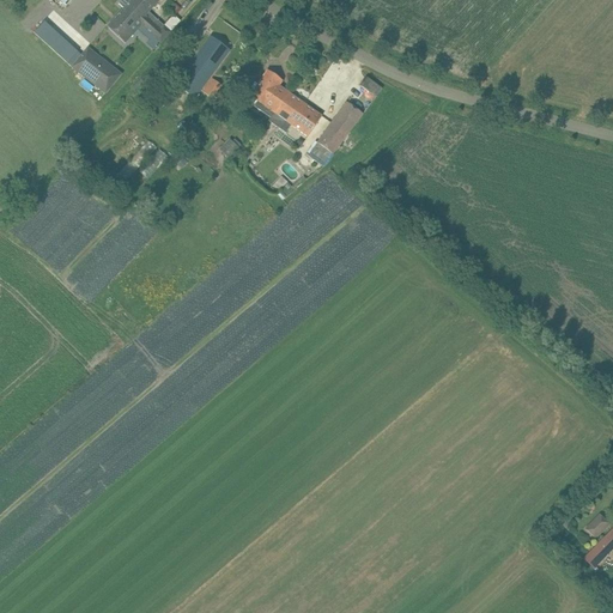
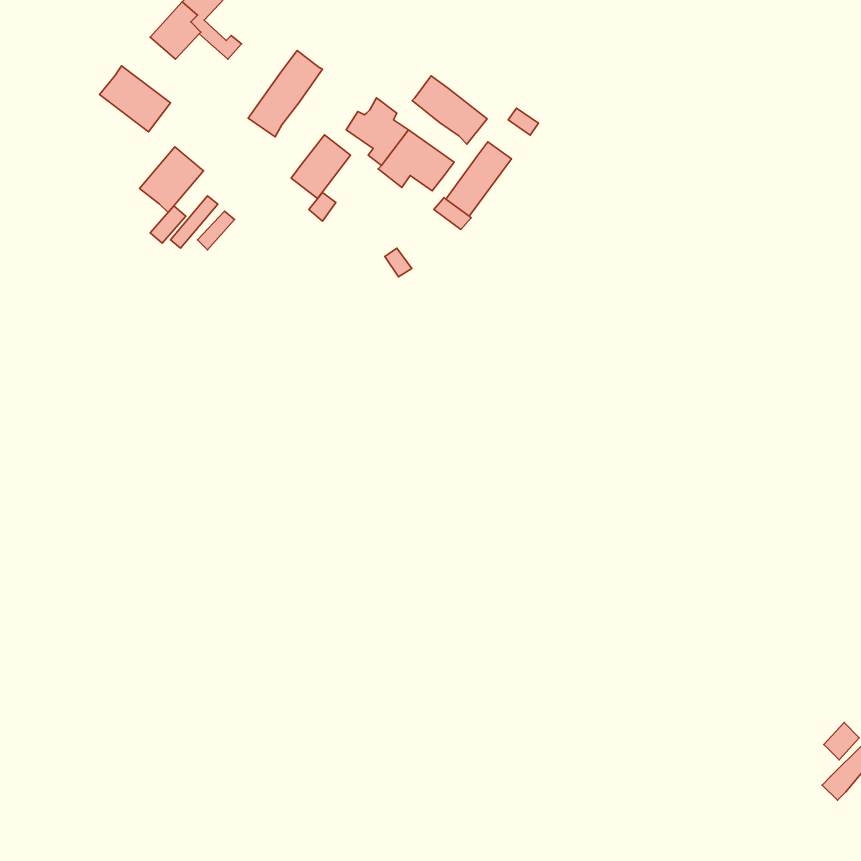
building: [34,20,83,67] -> none
building: none -> [412,76,487,144]
building: none -> [291,135,351,199]
building: none -> [140,147,203,212]

